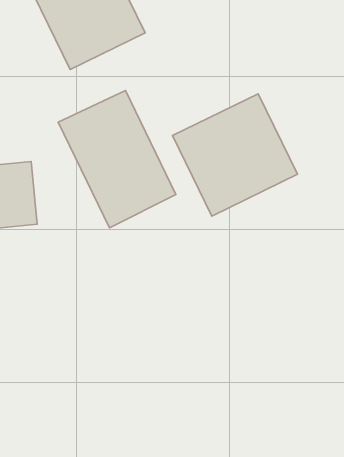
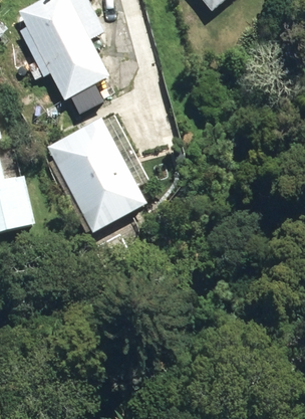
building: [173,94,297,216] -> none

